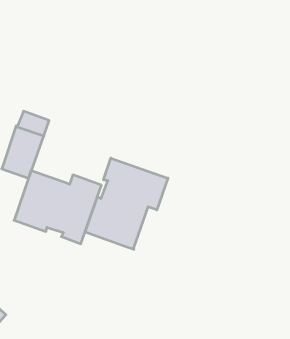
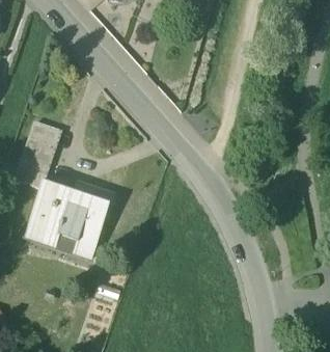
building: [85,158,168,249] -> none

